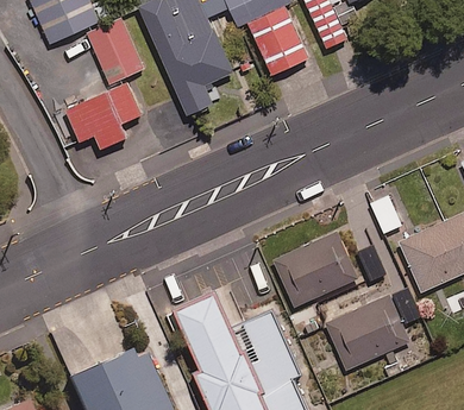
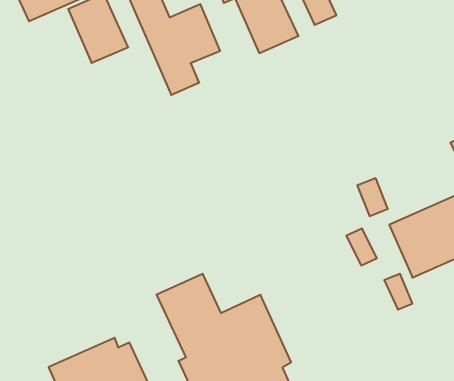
building: [64,83,143,143] -> none
building: [271,232,357,307] -> none
building: [324,294,410,371] -> none

